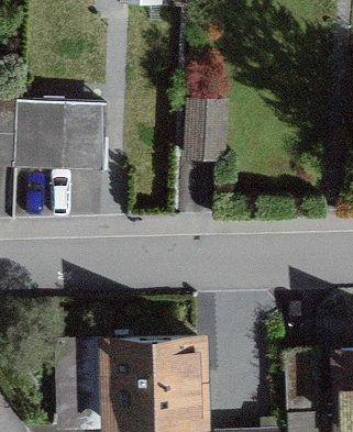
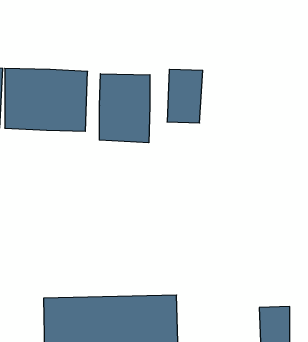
building: none -> [99,74,150,143]

